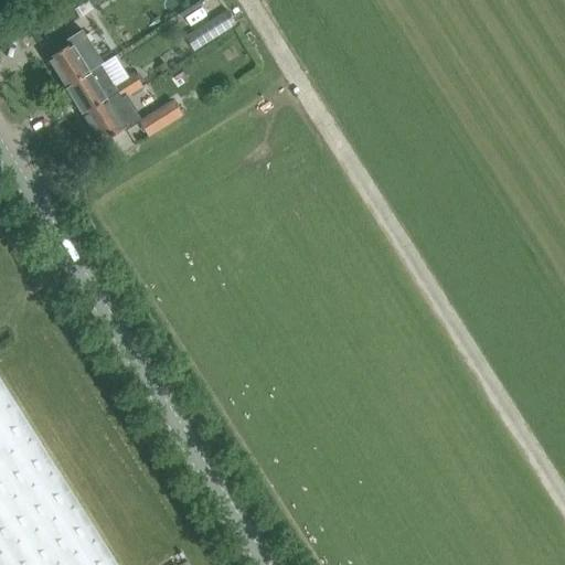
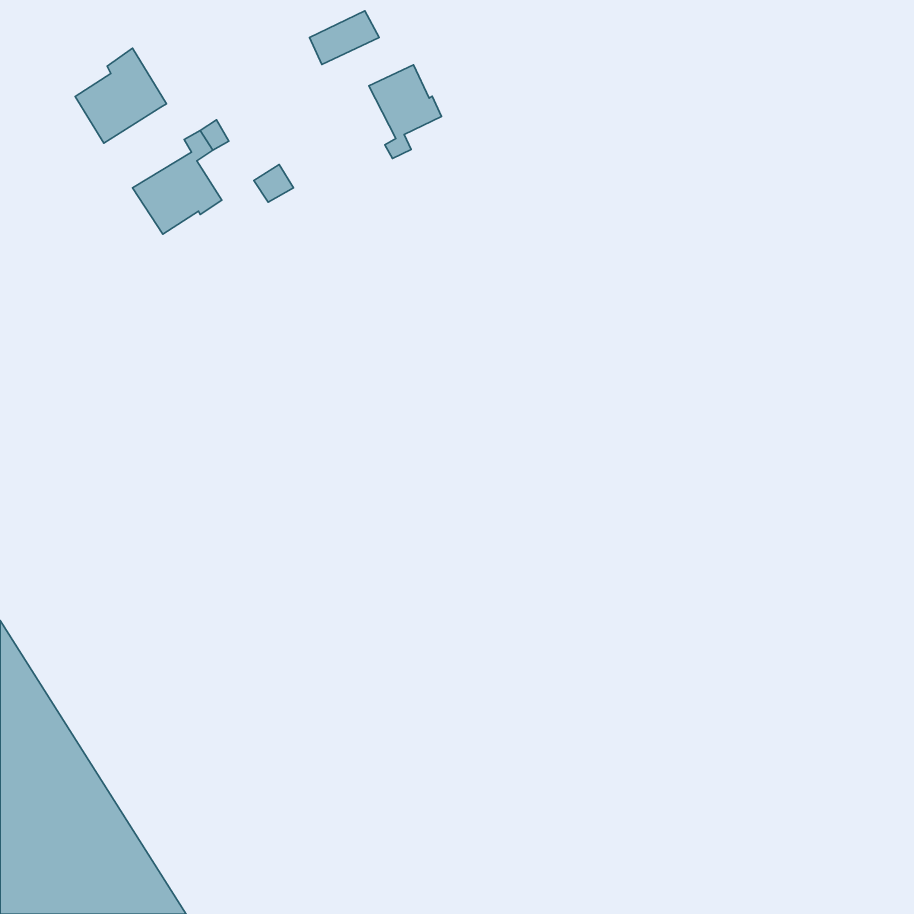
building: none -> [369,65,442,159]
building: [64,66,118,116] -> none

